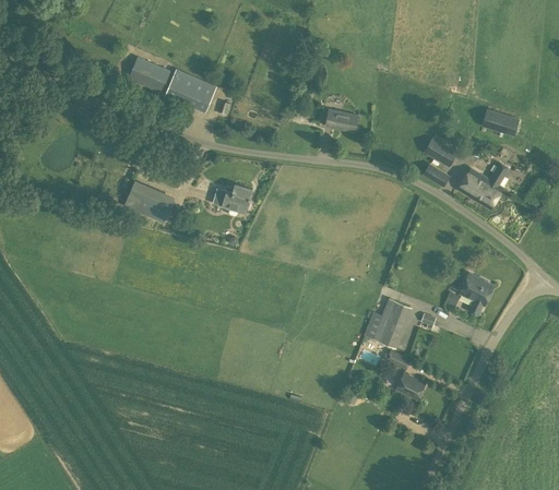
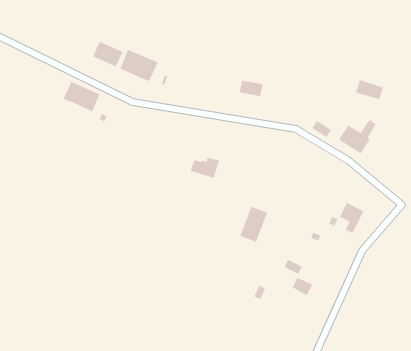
building: [424,138,457,167] -> none
building: [123,181,174,223] -> [63,81,100,112]
building: [212,184,252,213] -> [190,157,220,178]
building: [373,298,412,347] -> [239,206,268,243]

